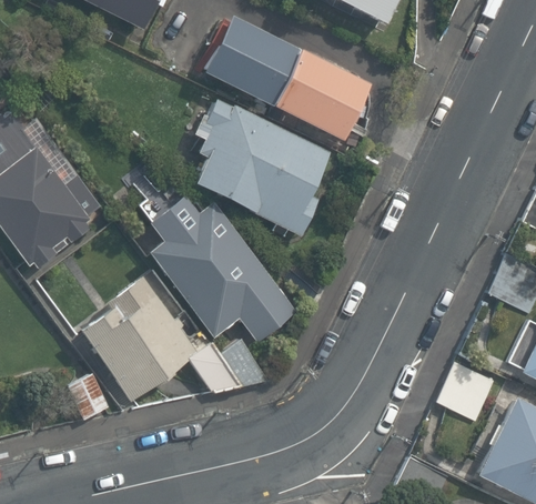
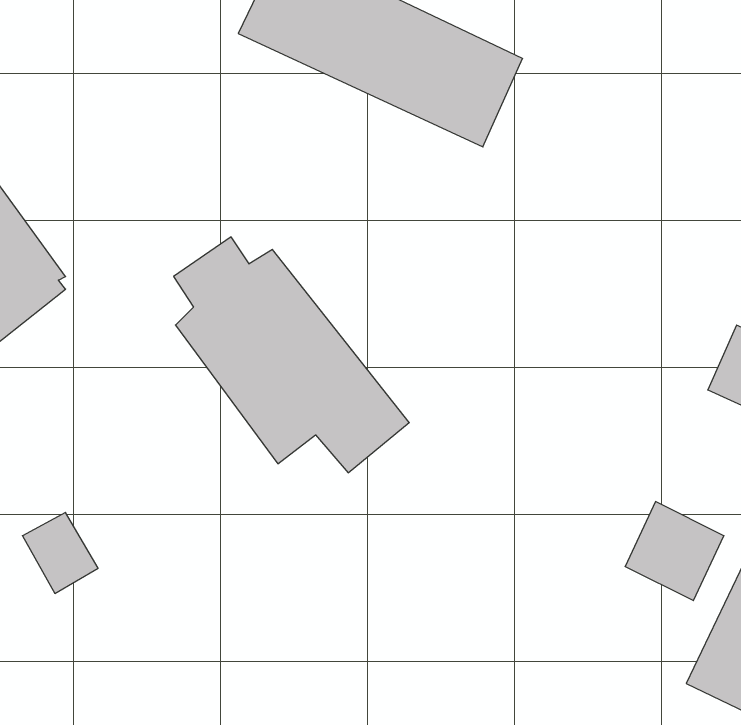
building: [199,100,332,234] -> none
building: [83,278,200,400] -> none

